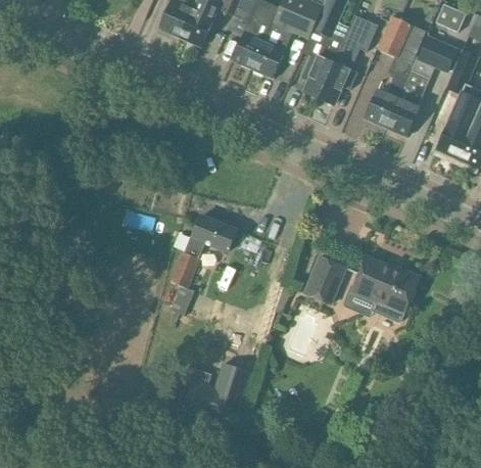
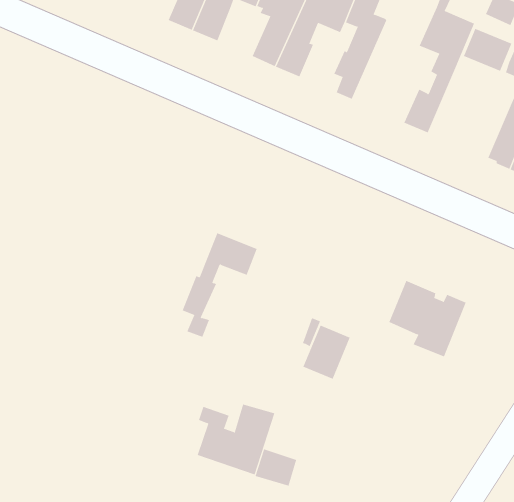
building: [319,14,377,104] -> none
building: [385,69,430,136] -> none
building: [303,255,345,303] -> [303,325,351,380]
building: none -> [255,448,297,486]

